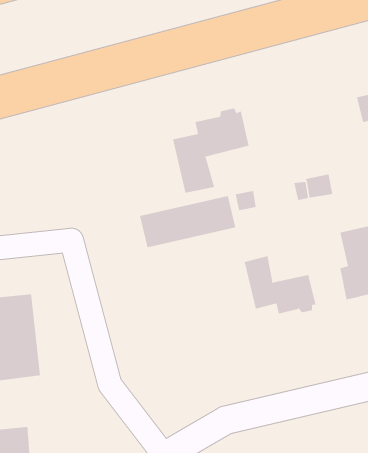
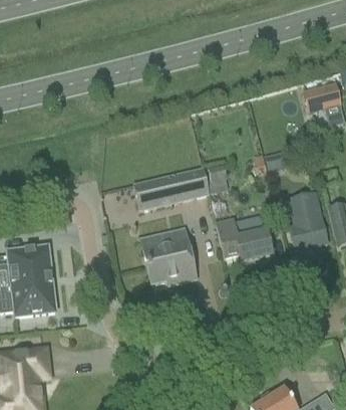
building: [173,107,249,194] -> none
building: none -> [140,224,196,283]

